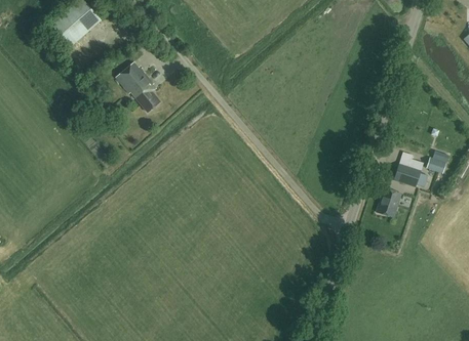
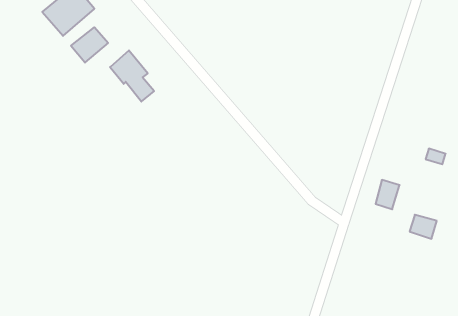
building: none -> [71,27,108,63]
building: [394,163,421,186] -> [410,215,437,239]

